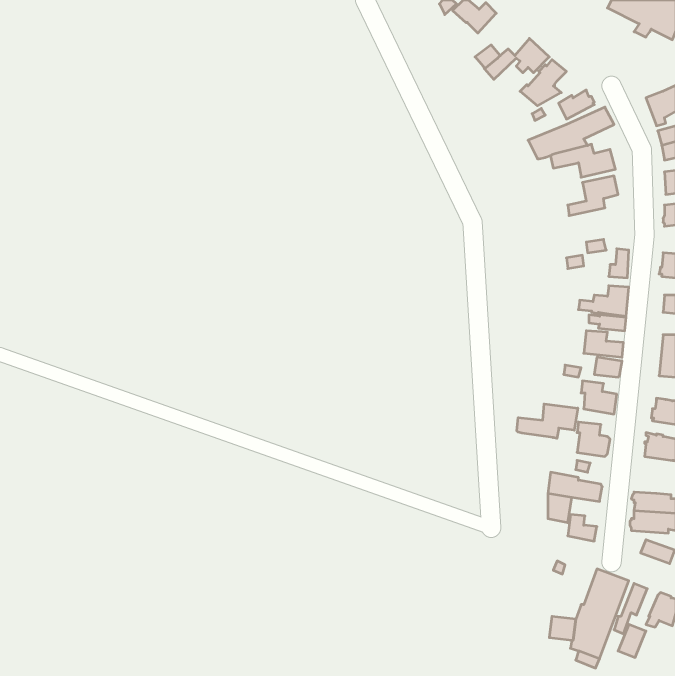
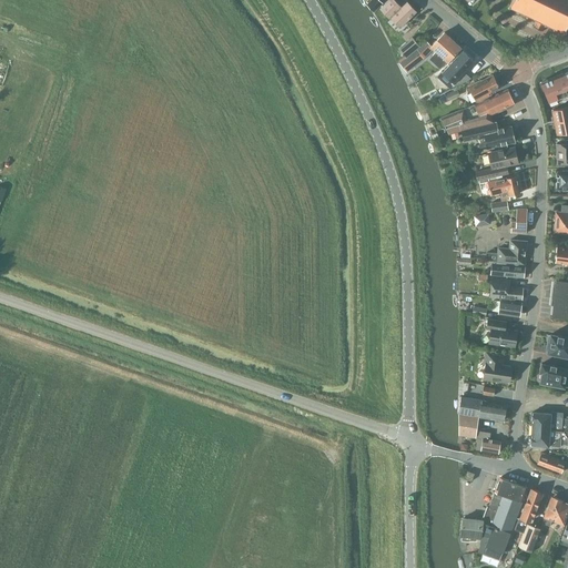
building: none -> [489,176,521,197]
building: [517,404,578,438] -> none

